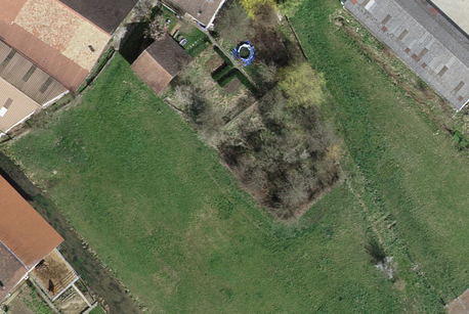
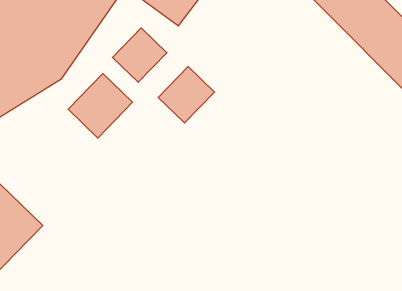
building: none -> [158,67,215,123]
building: none -> [68,74,132,138]

